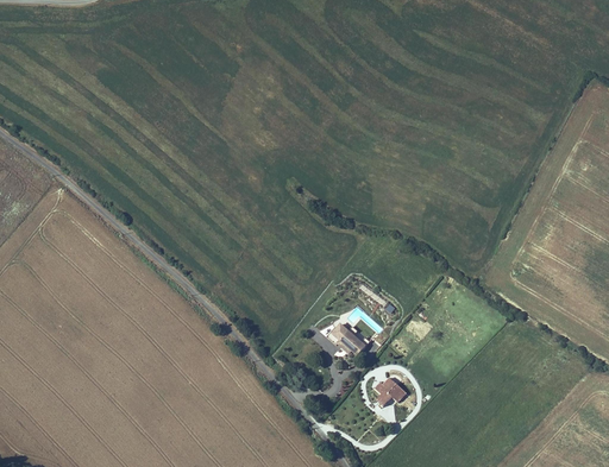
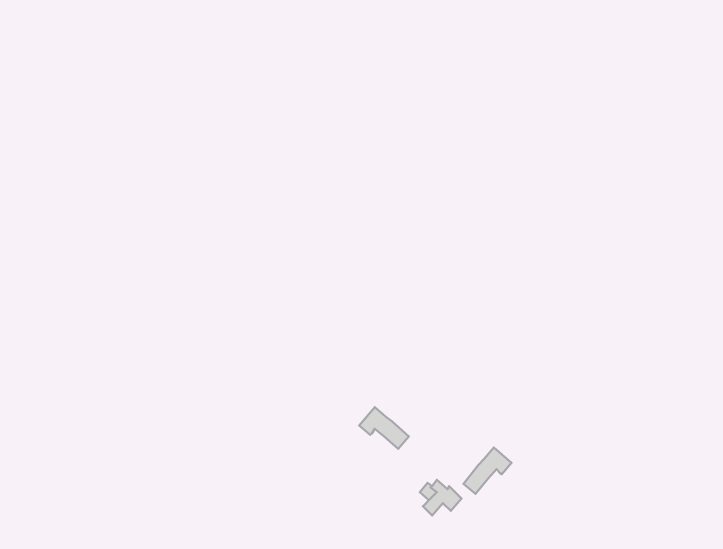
building: none -> [463,448,511,494]

